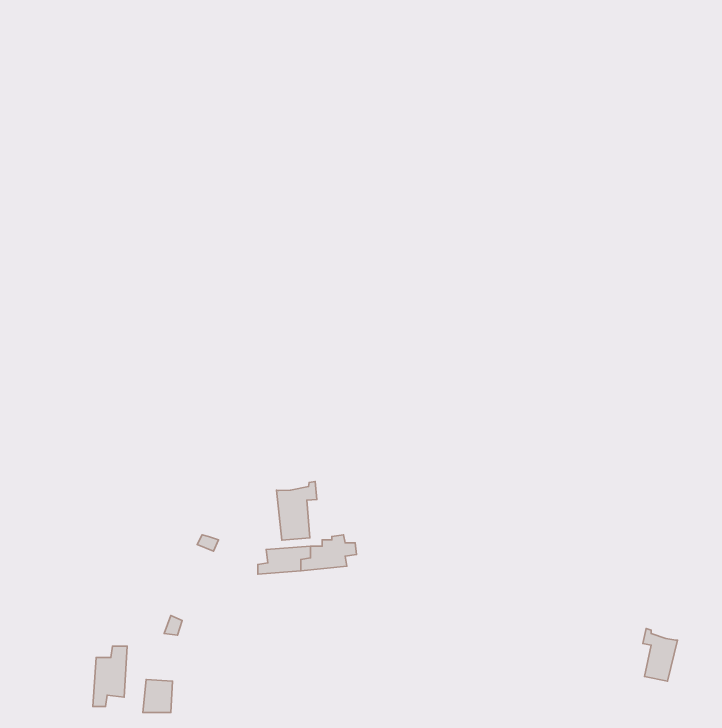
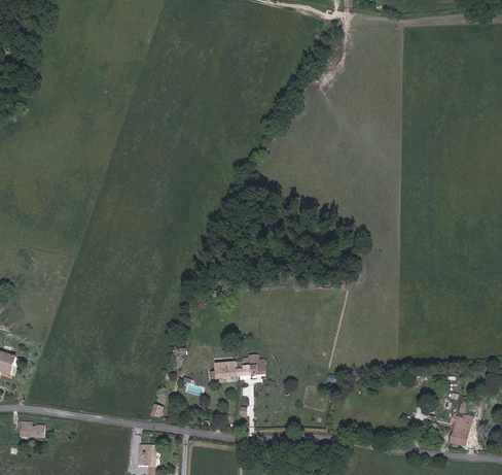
building: [277,481,317,540] -> none
building: [93,646,127,707] -> none

